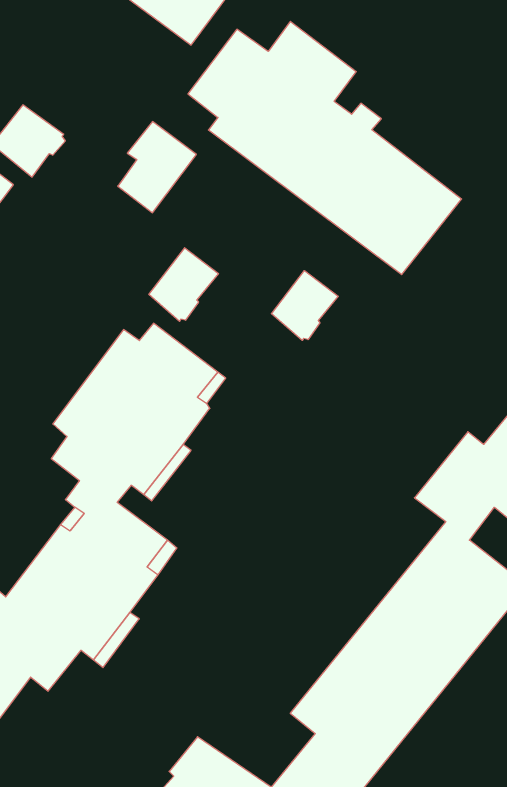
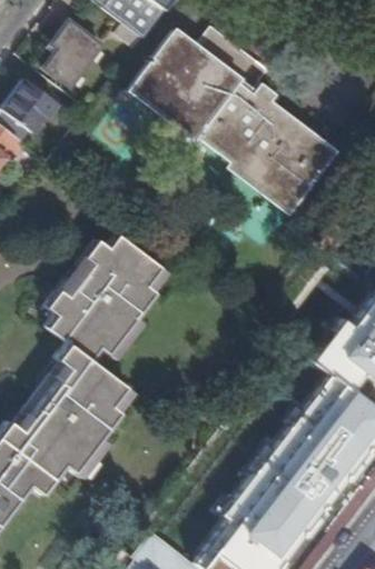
building: [118,122,196,213] -> [46,23,101,88]
building: [149,248,218,321] -> none
building: [271,271,338,340] -> none

